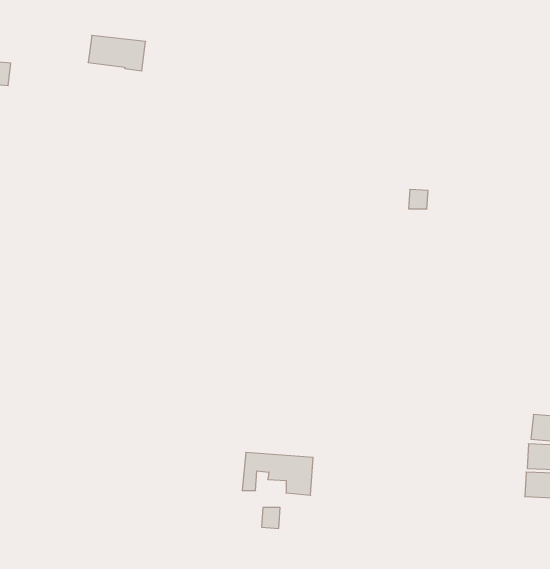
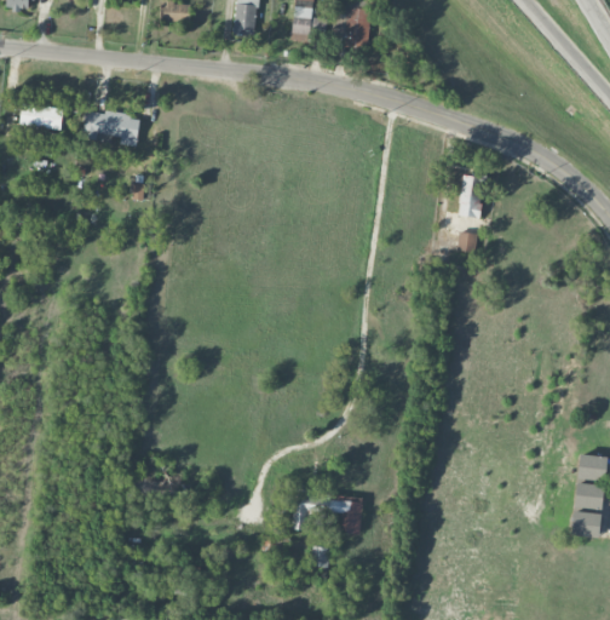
building: [88,35,146,71] -> [82,110,139,145]
building: none -> [456,174,484,218]

